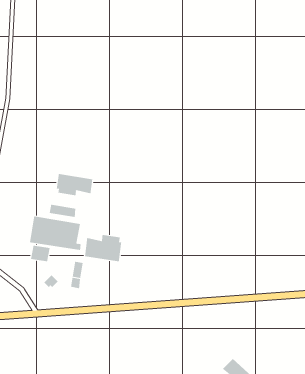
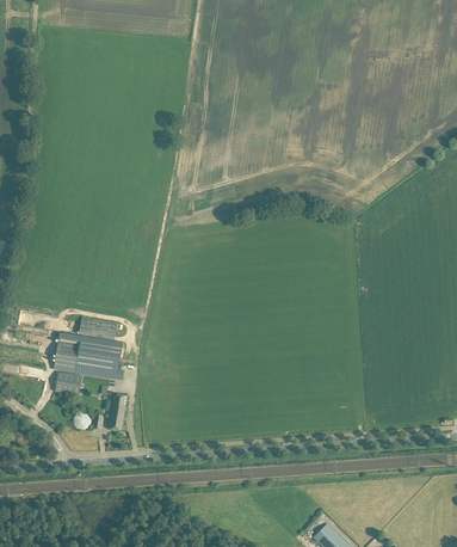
building: [56,173,93,196] -> none
building: [84,234,122,262] -> none

